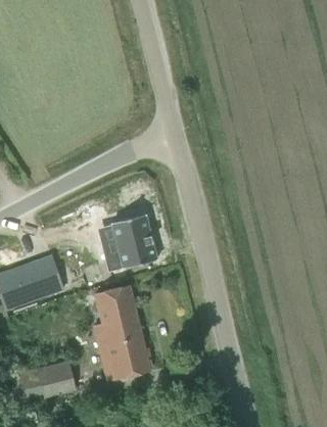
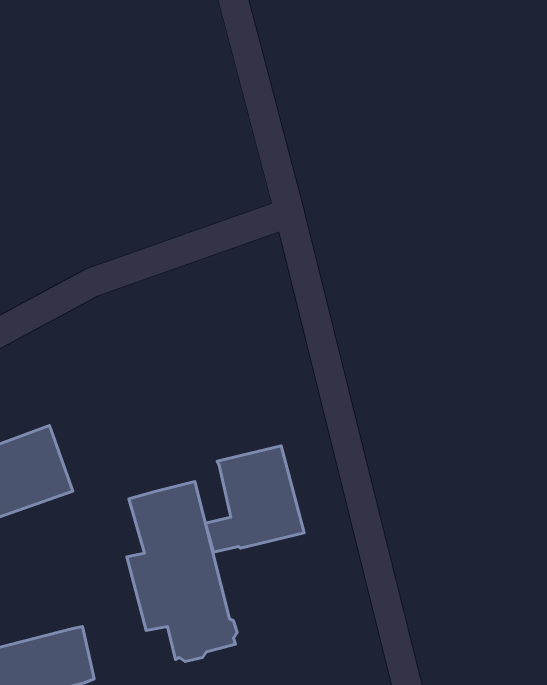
building: [104,212,156,269] -> [206,446,304,552]

